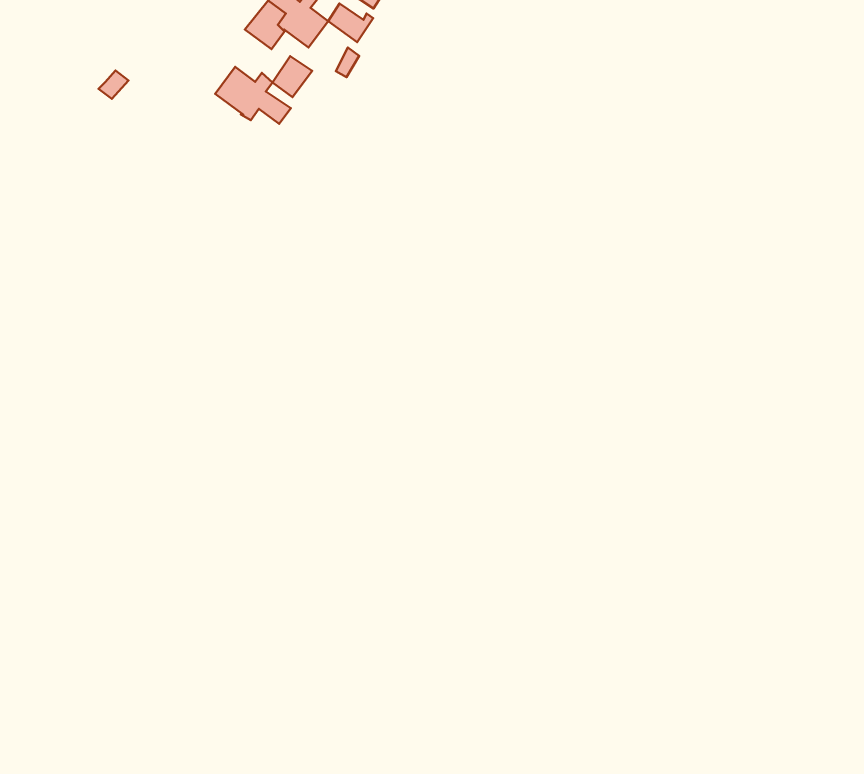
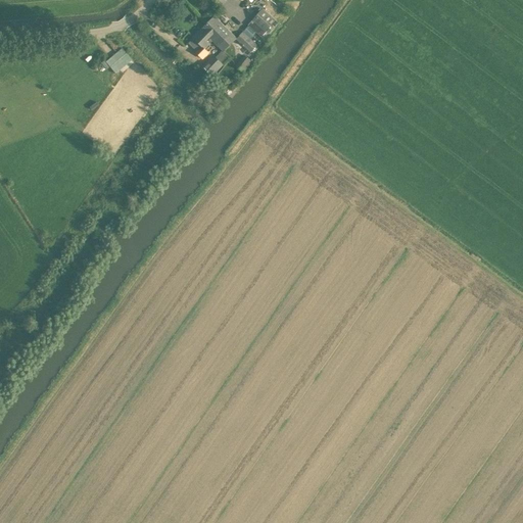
building: [215,67,291,124] -> none

